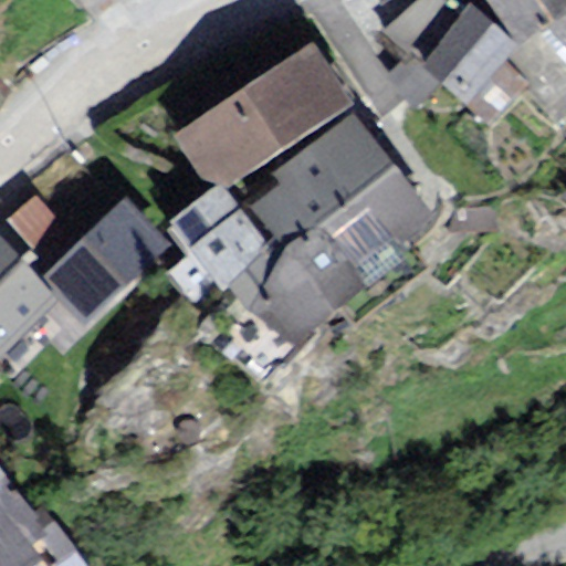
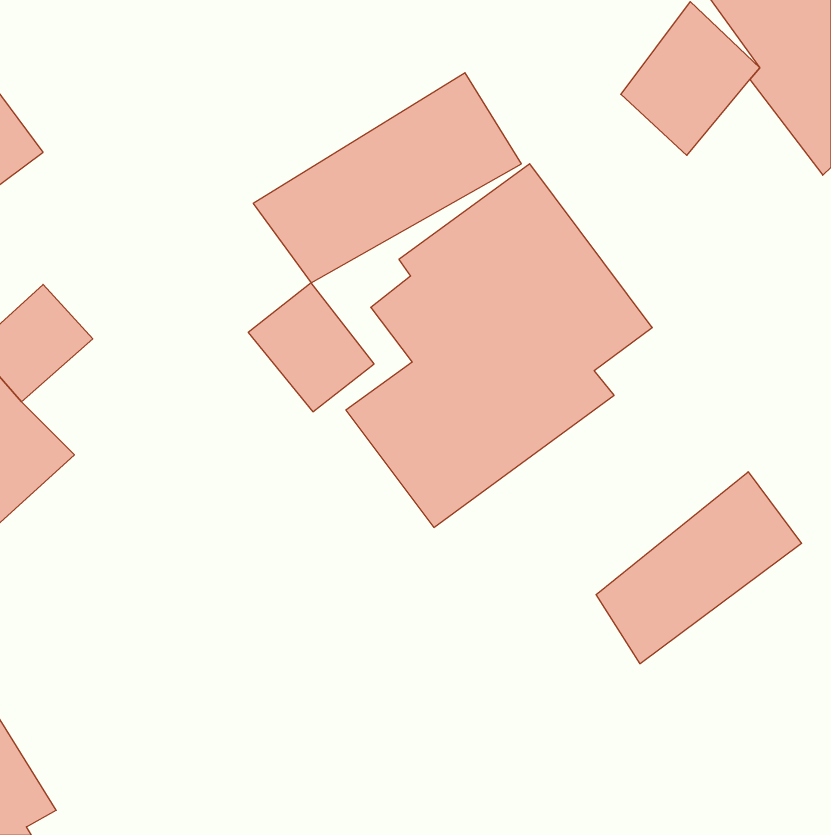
building: [34,192,166,322] -> none
building: none -> [596,472,802,664]

